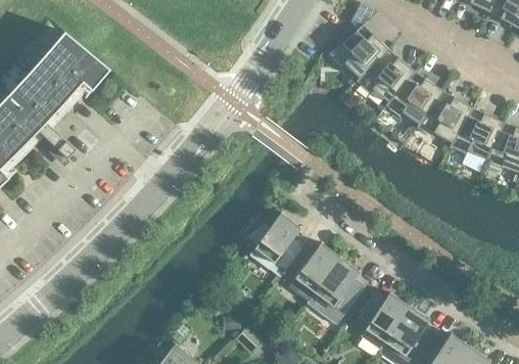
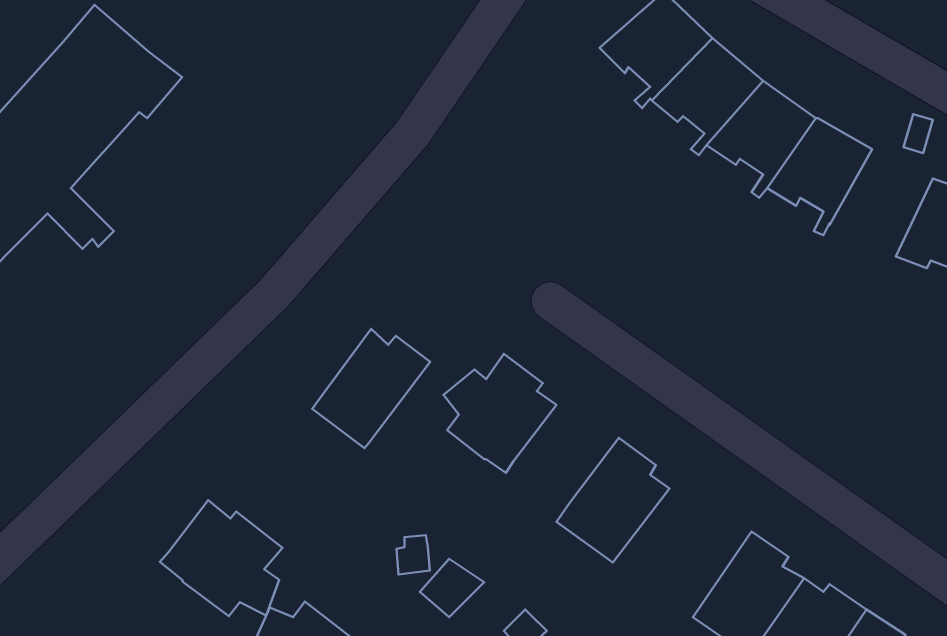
building: [450,107,504,170] -> none
building: none -> [312,329,430,448]
building: [284,241,339,292] -> none
building: [355,291,409,350] -> none
building: none -> [160,500,283,616]

